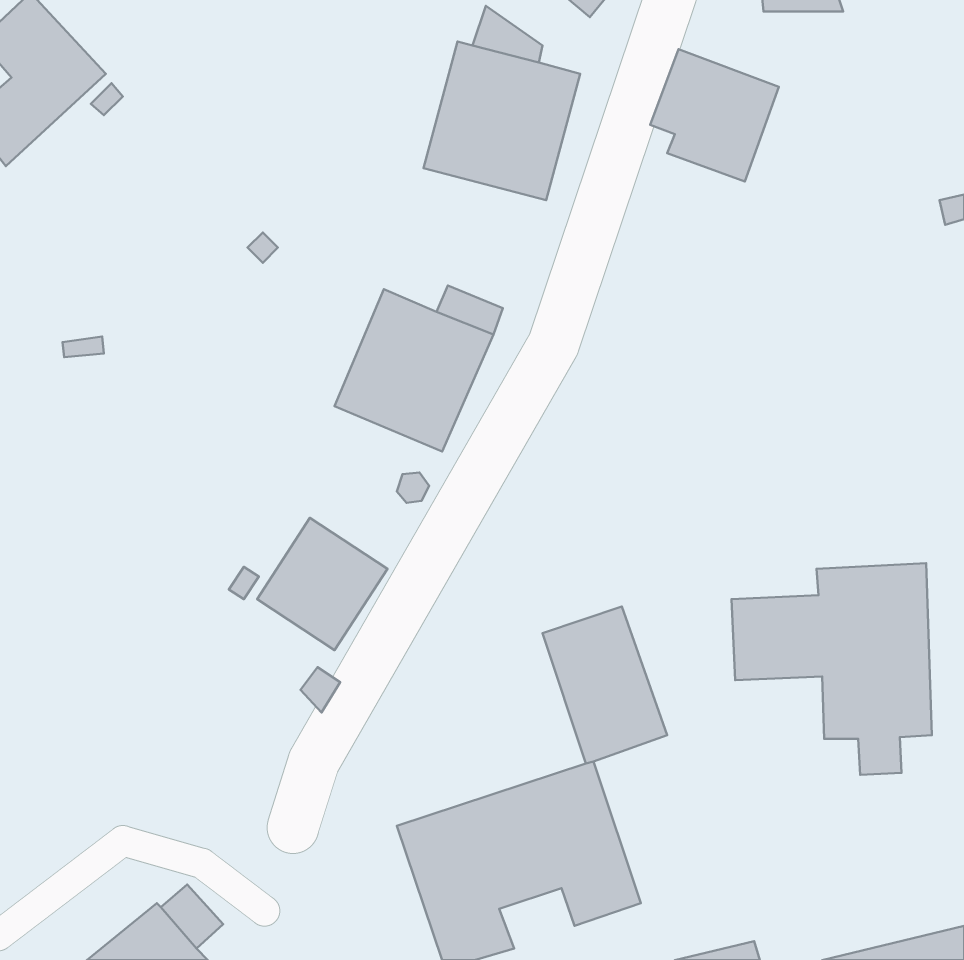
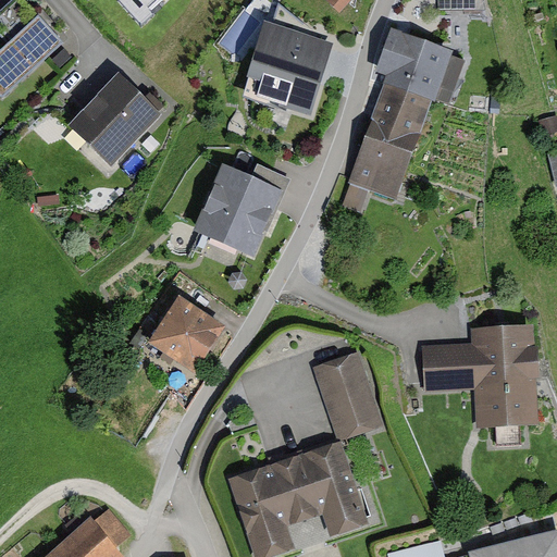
building: none -> [66,75,161,170]
building: none -> [342,88,429,211]

